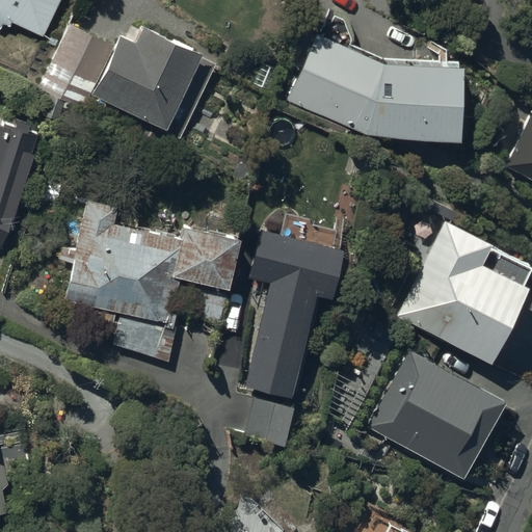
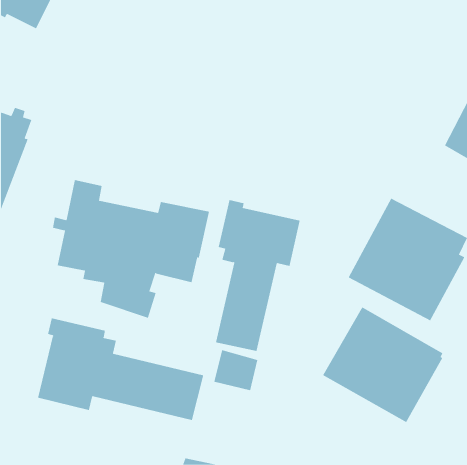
building: [39,23,203,137] -> none
building: [286,33,462,148] -> none
building: none -> [37,317,204,421]

